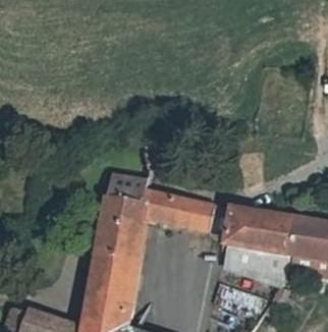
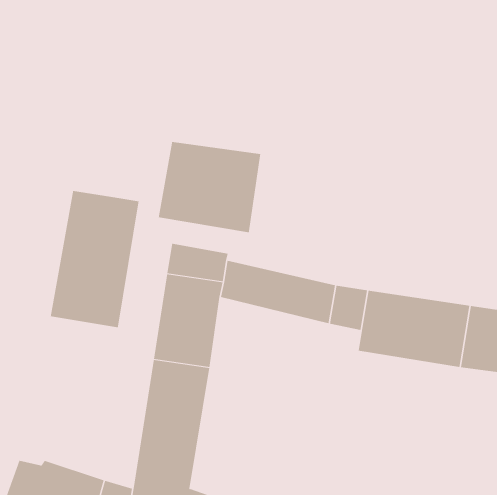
building: none -> [158,141,261,233]
building: none -> [50,190,139,328]

